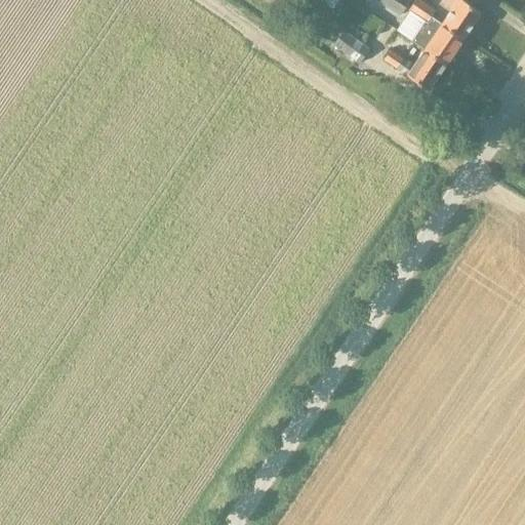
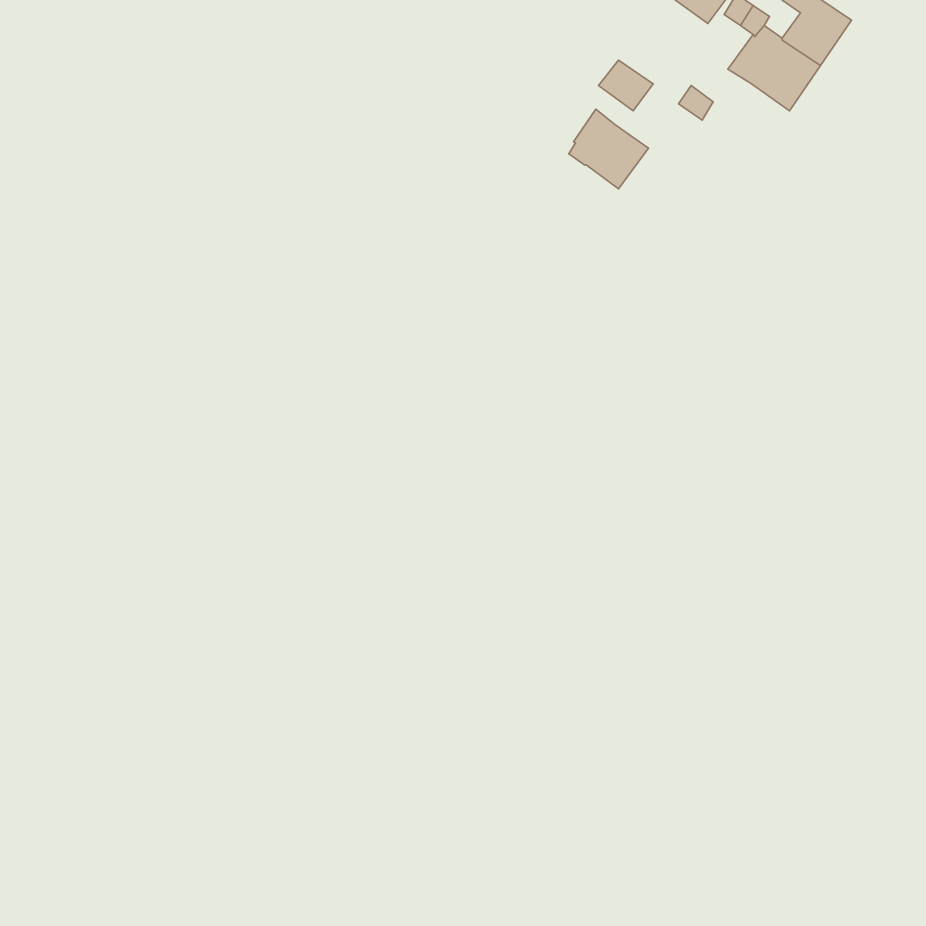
building: [407,47,447,88] -> none
building: none -> [569,109,649,189]

